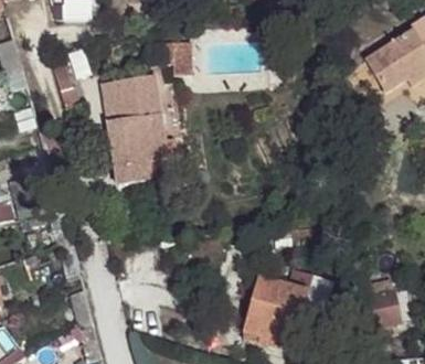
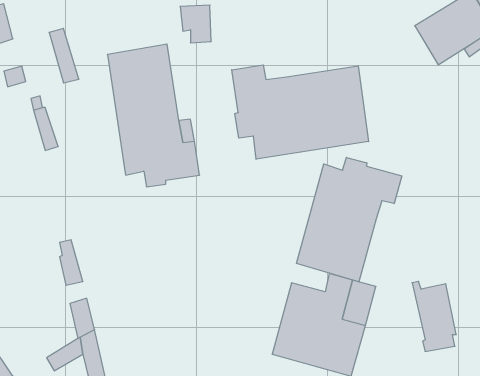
building: none -> [232,65,369,159]
building: none -> [296,157,402,282]

